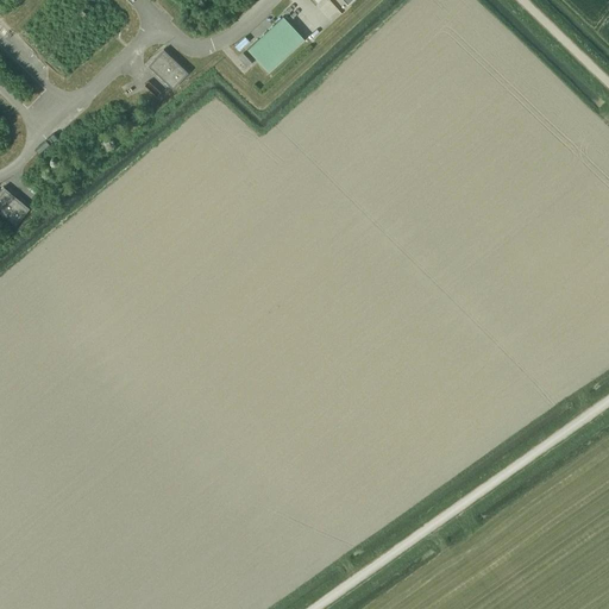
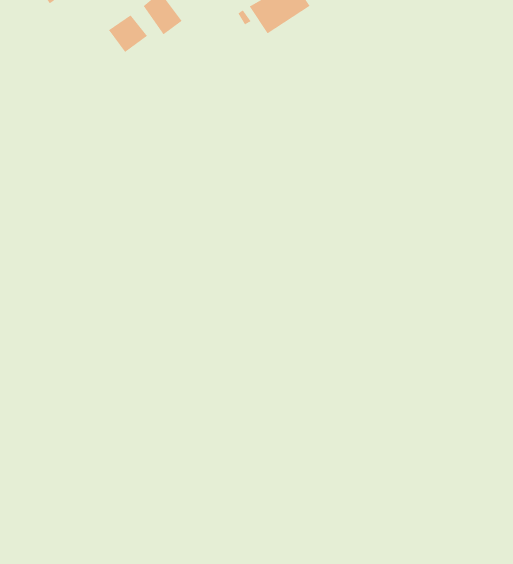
building: none -> [108,14,148,53]

